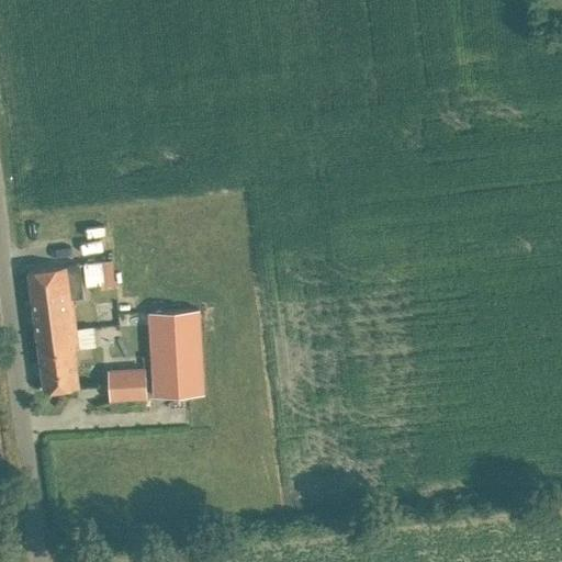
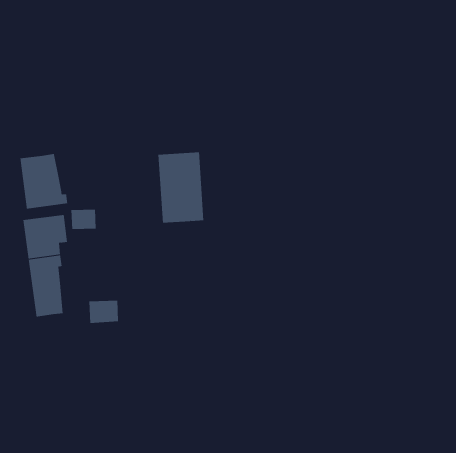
building: none -> [20,153,68,209]
building: [147,313,204,401] -> [158,152,204,223]

